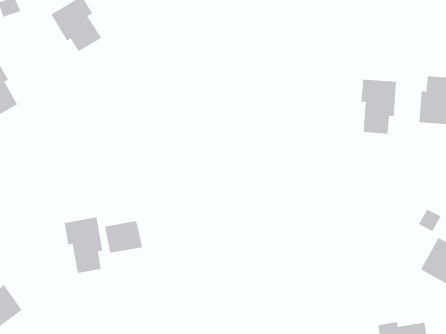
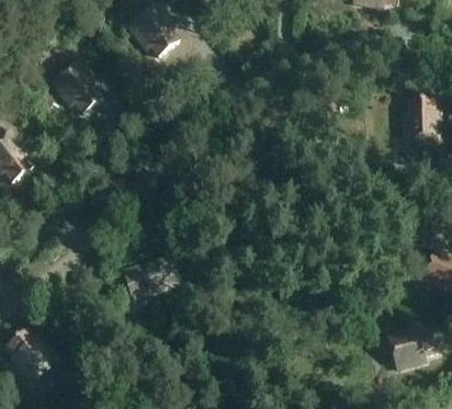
building: [361,79,397,134] -> none
building: [64,217,103,274] -> none

